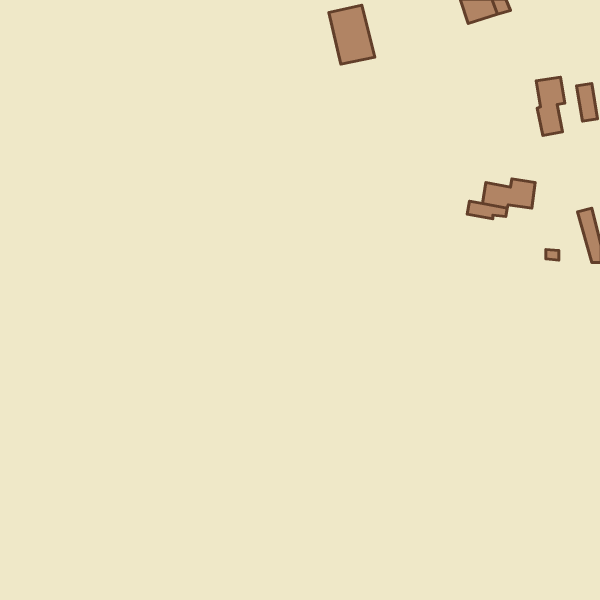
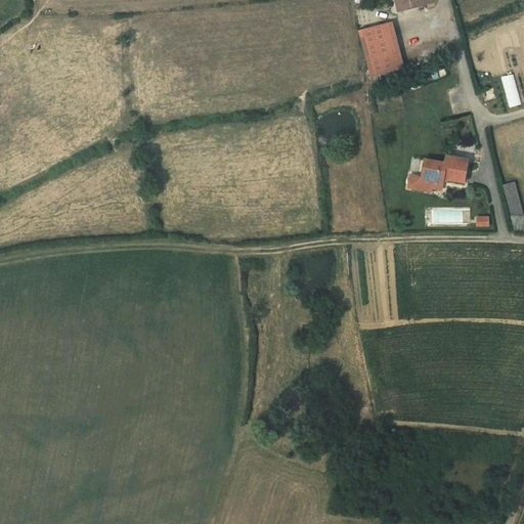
building: [329,5,375,64] -> [361,23,401,74]
building: [536,77,565,136] -> none

